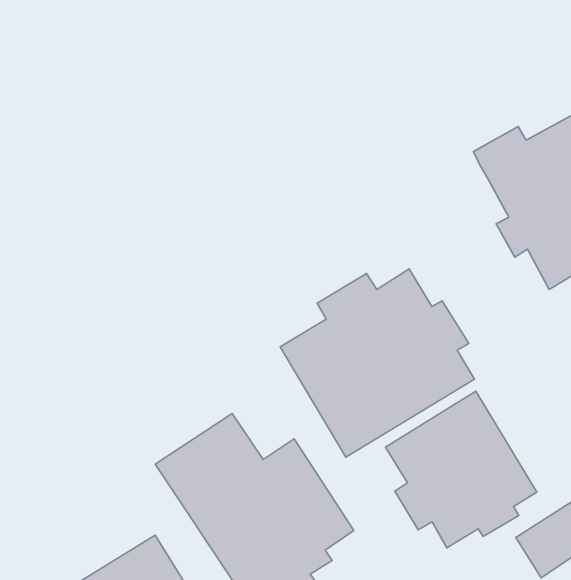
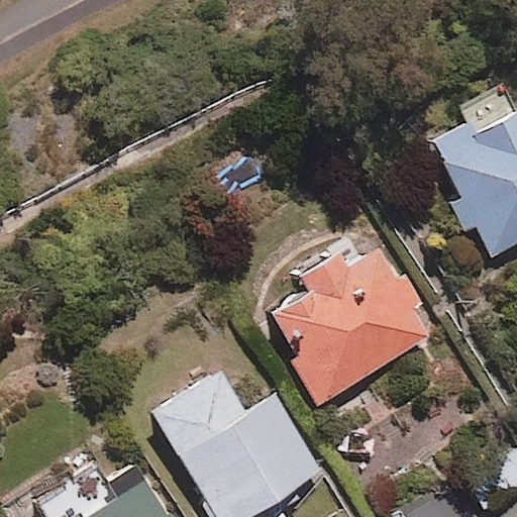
building: [386,391,537,548] -> none

